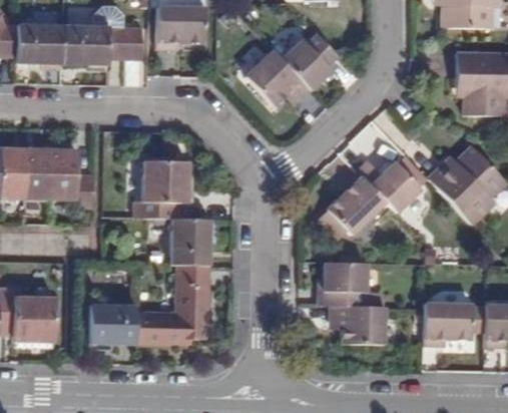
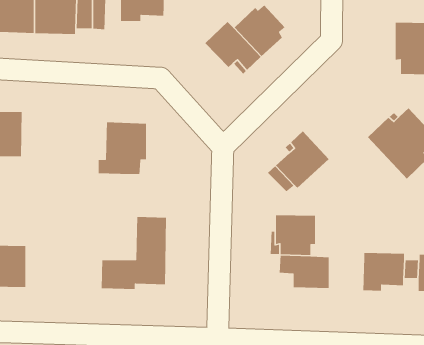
building: [50,149,94,209] -> none
building: [357,159,421,213] -> none
building: [168,219,209,265] -> none
building: [89,303,137,343] -> none

